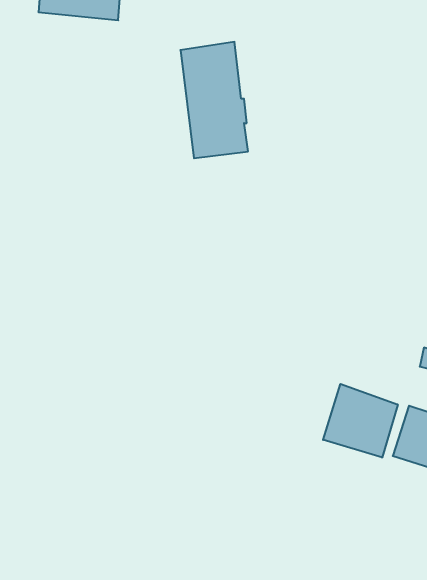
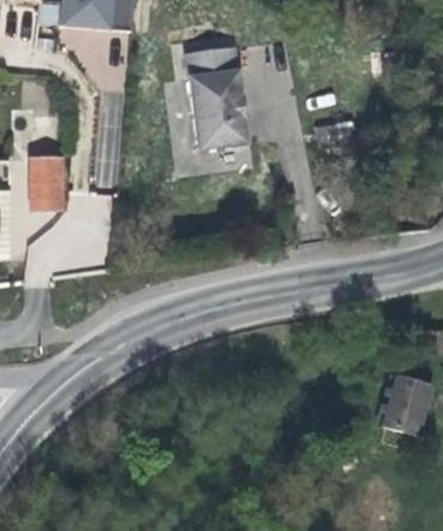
building: none -> [33,161,64,210]
building: [323,384,398,458] -> none

